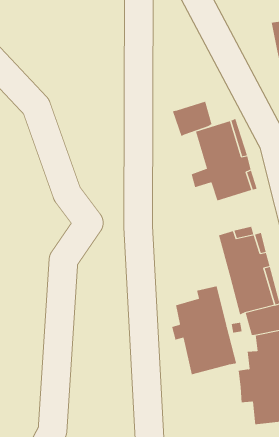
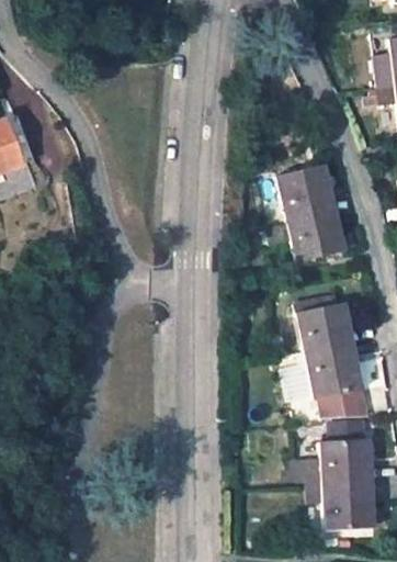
building: [172,101,212,137] -> none
building: [171,286,237,375] -> none

